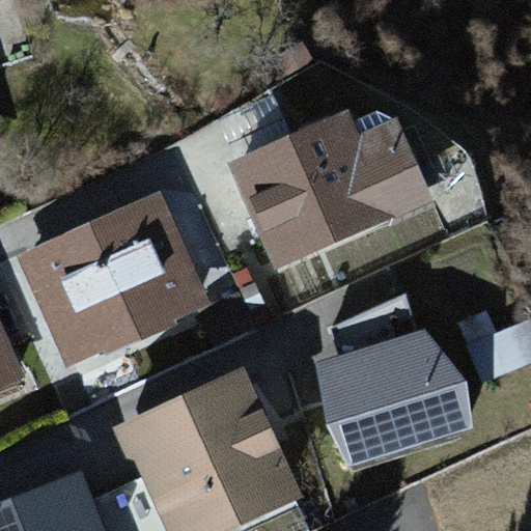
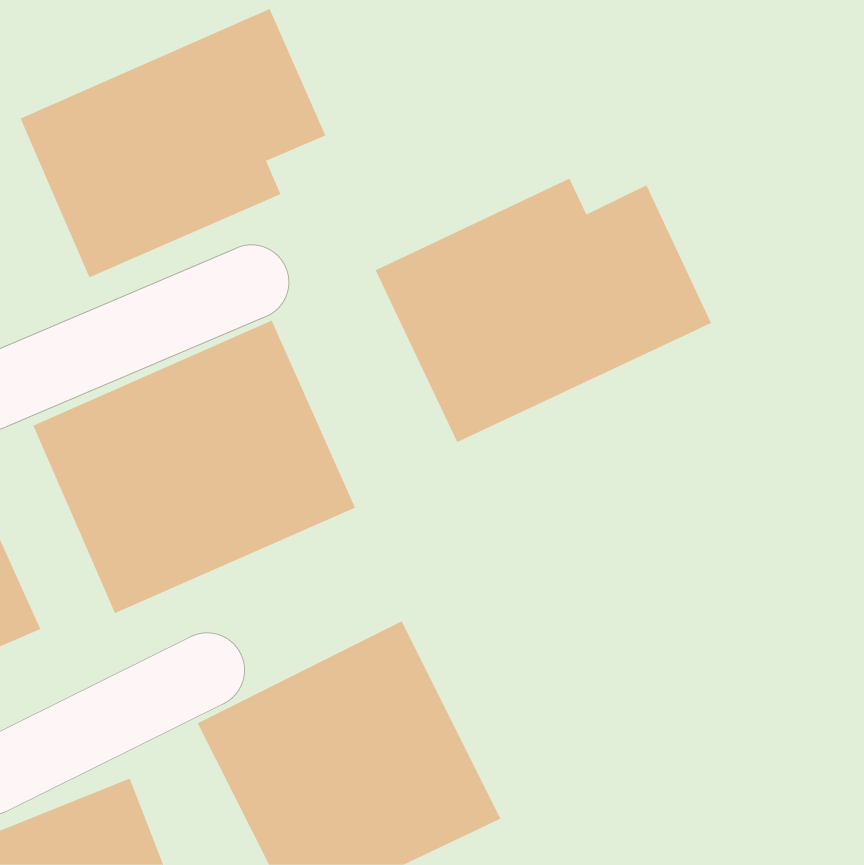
building: none -> [20,8,326,278]
building: [306,323,467,467] -> none

